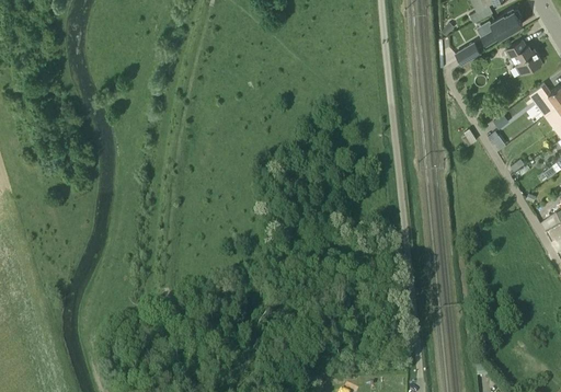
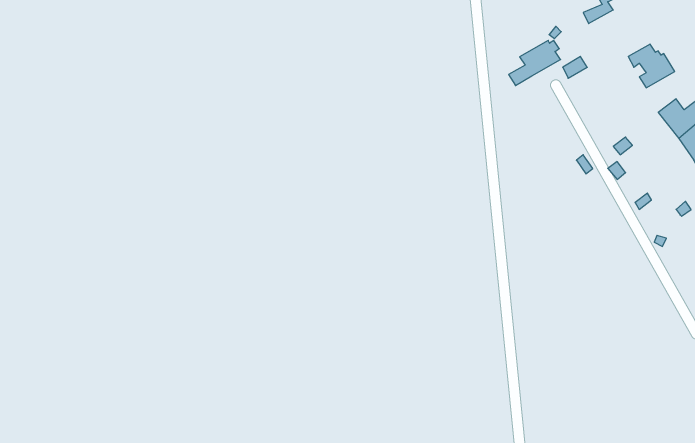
building: [482,8,524,44] -> [509,40,561,86]

